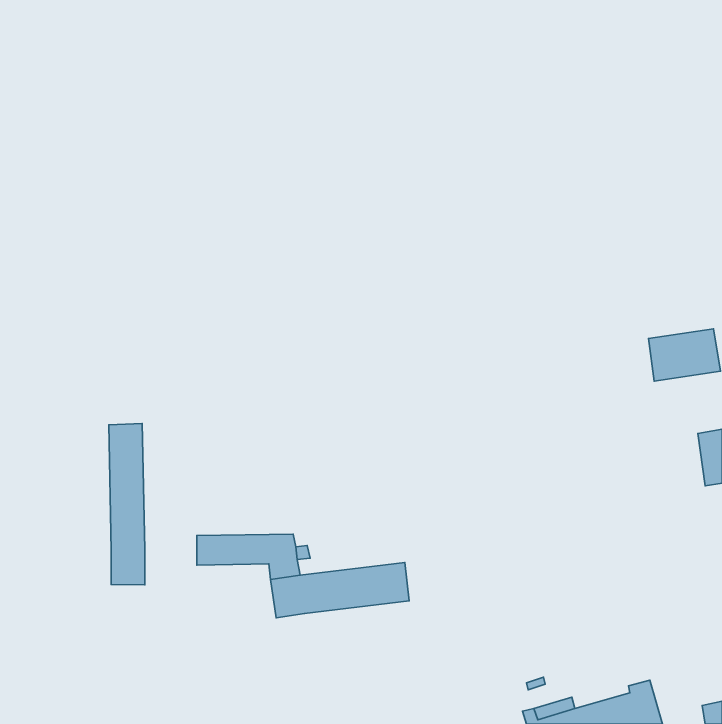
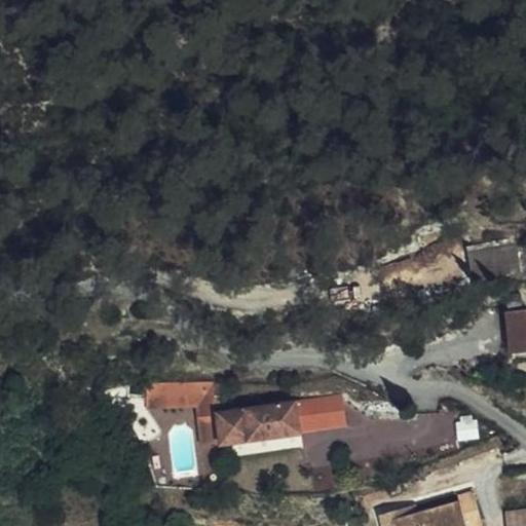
building: [109,423,145,585] -> none
building: none -> [304,397,343,426]

